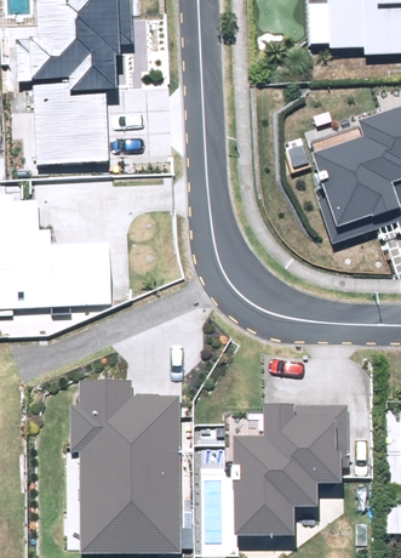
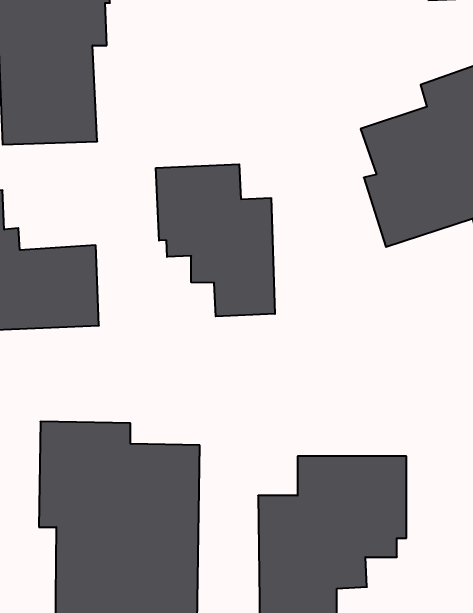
building: none -> [156,164,275,316]

